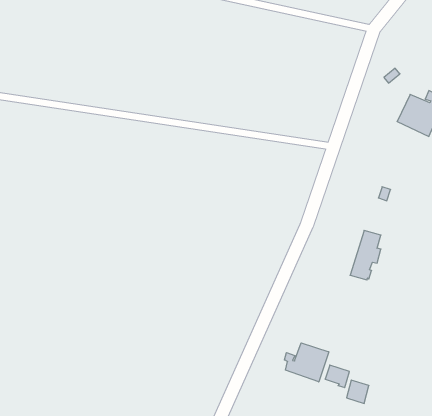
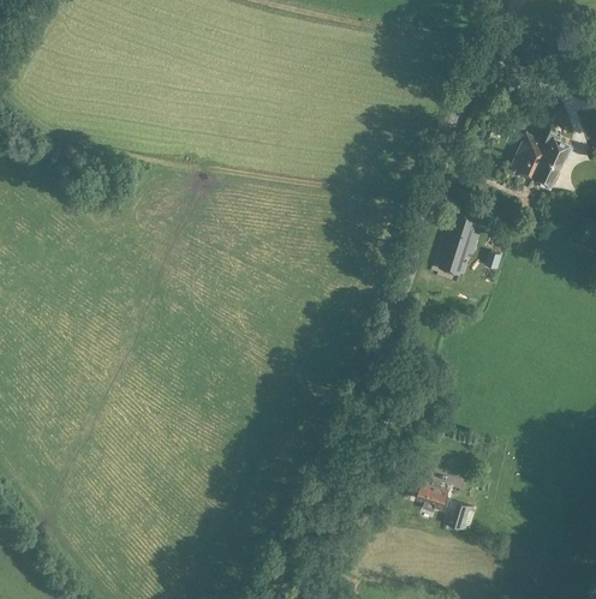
building: [350,230,381,280] -> [440,212,479,276]
building: [284,343,329,382] -> none

